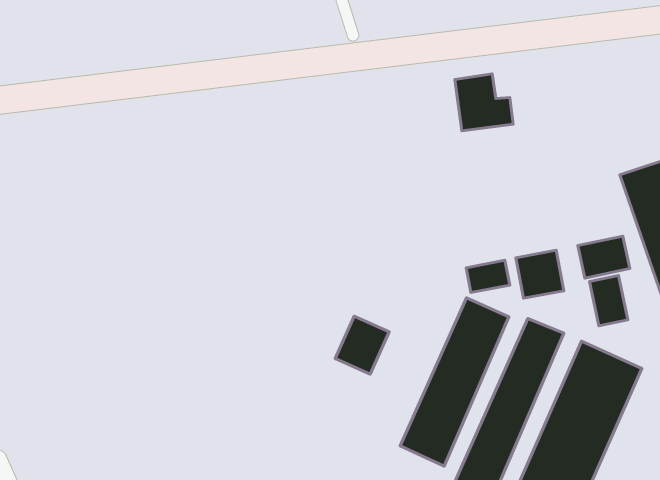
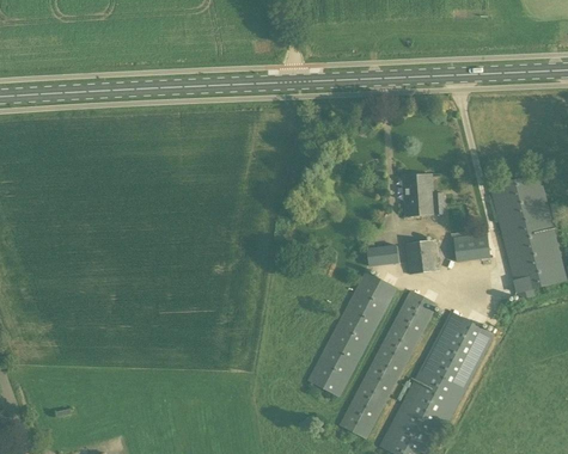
building: [455,74,513,131] -> [402,173,444,215]
building: [589,276,628,326] -> none
building: [335,316,389,374] -> none

